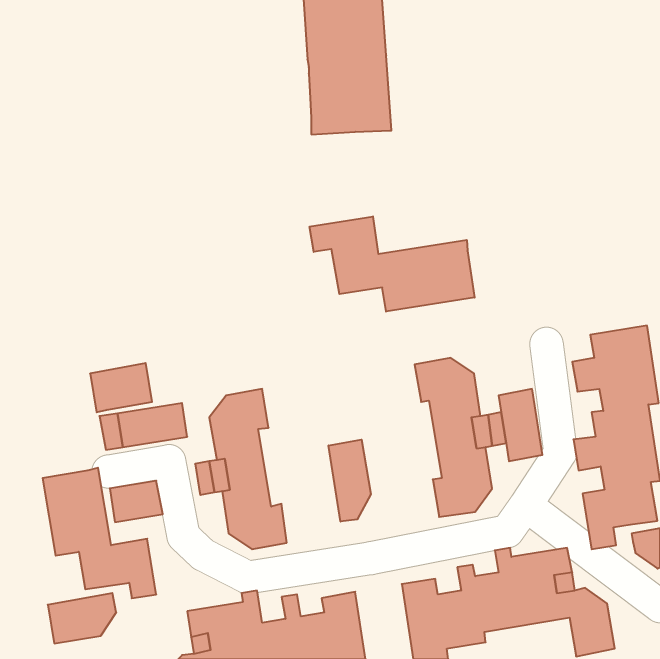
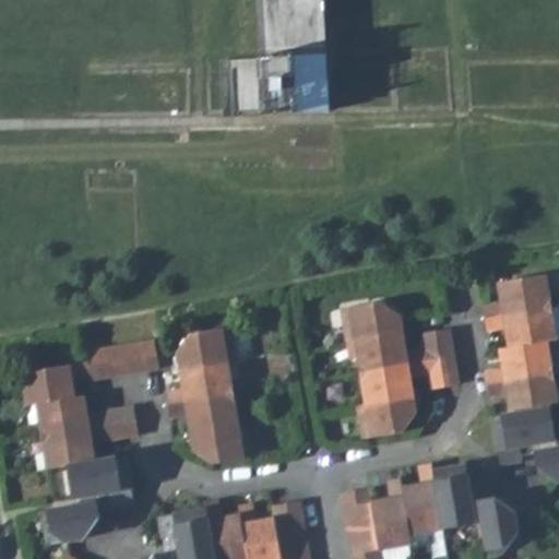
building: [310,216,475,312] -> none
building: [90,363,152,412] -> [22,365,74,406]
building: [329,440,371,522] -> none

